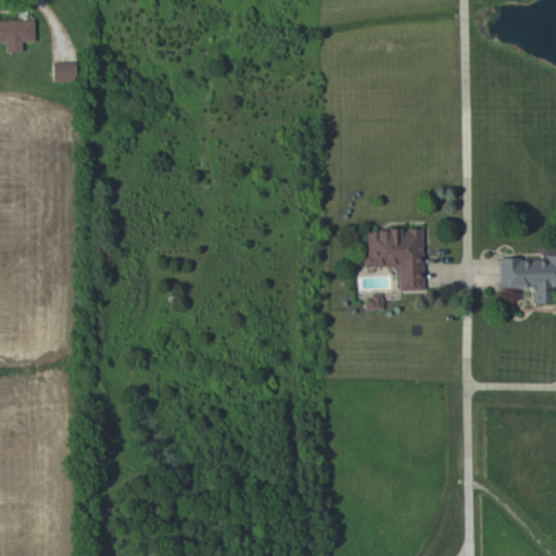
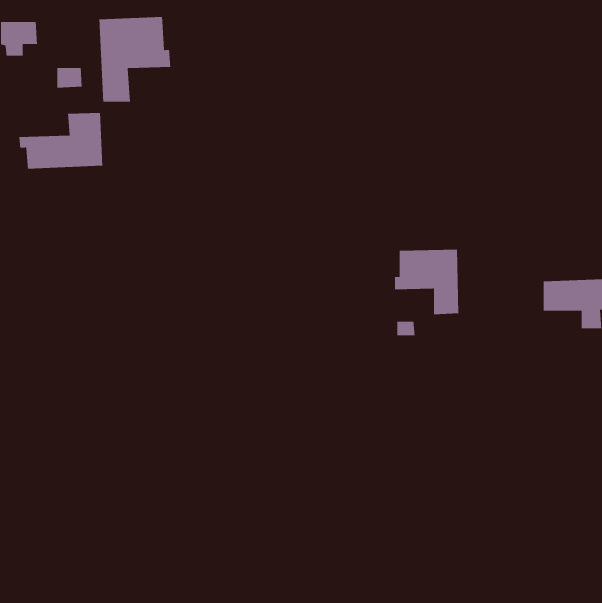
building: none -> [99,16,171,102]
building: none -> [19,112,103,170]

